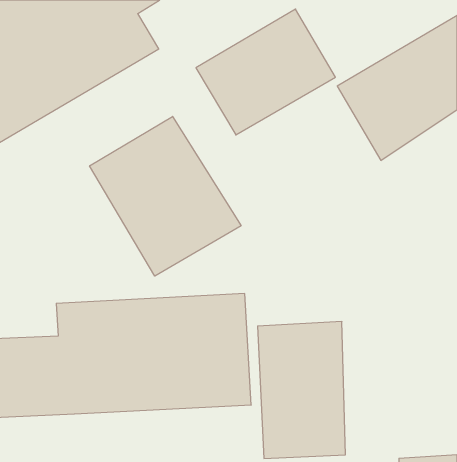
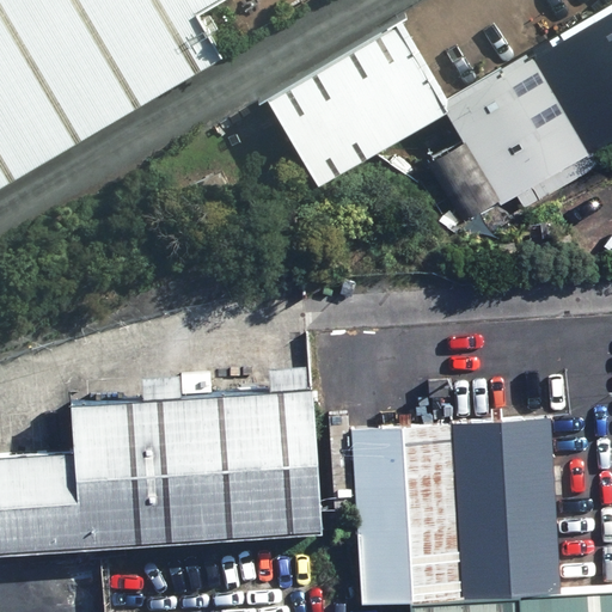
building: [90,116,241,276] -> none
building: none -> [451,420,564,601]

